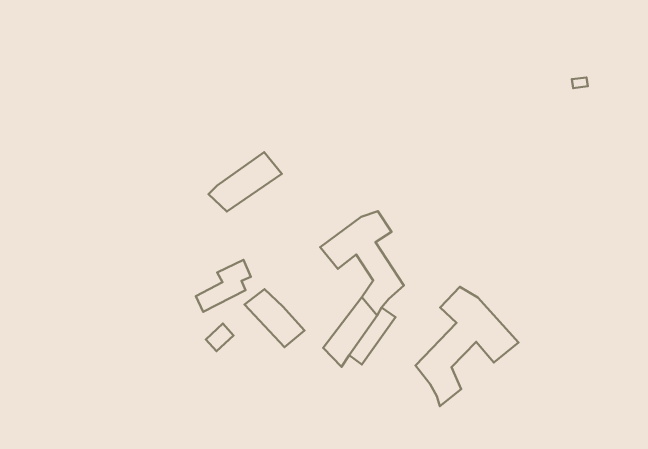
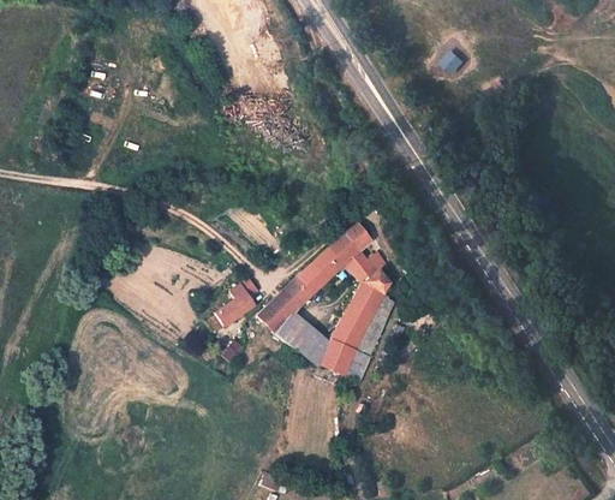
building: [208,152,282,212] -> [269,262,328,317]
building: [416,287,519,406] -> none
building: none -> [294,334,345,374]

